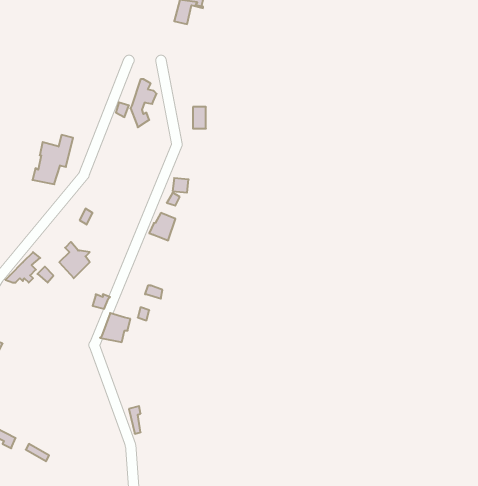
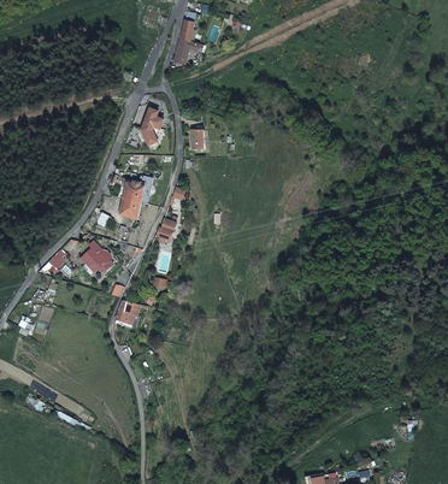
building: [32,135,73,184] -> [117,176,151,217]

